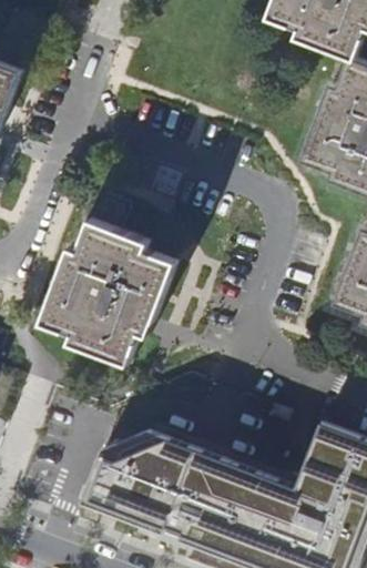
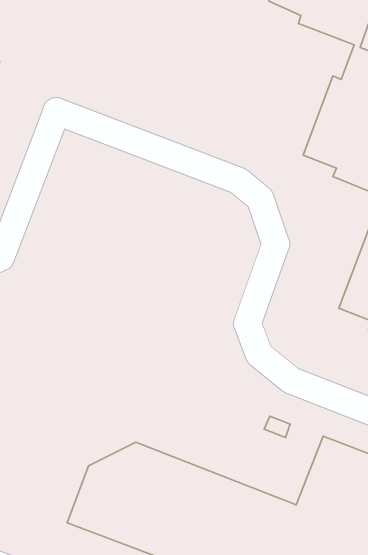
building: [41,192,174,362] -> none

